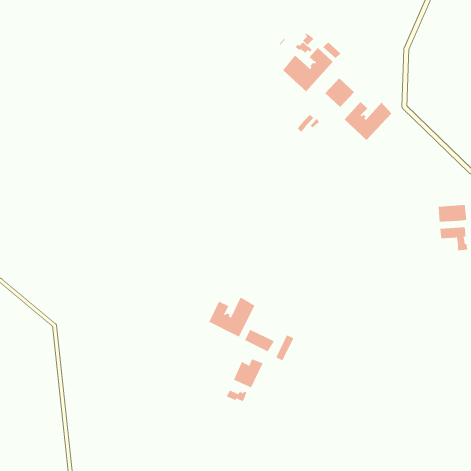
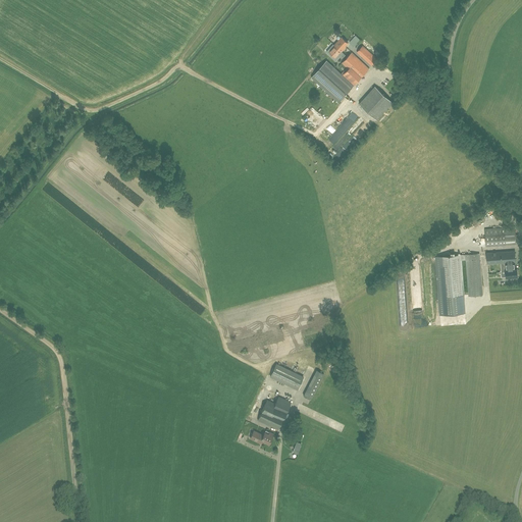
building: [344,101,392,141] -> none
building: none -> [434,254,482,315]
building: [209,297,255,337] -> none

